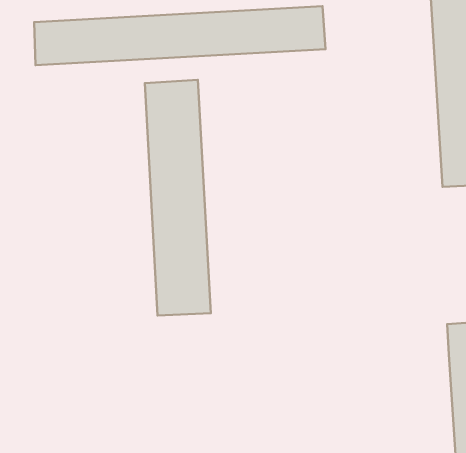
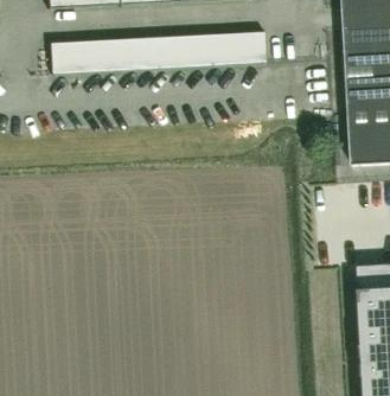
building: [145,80,211,315] -> none

